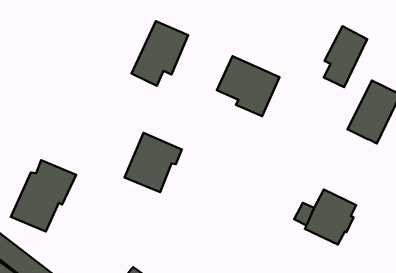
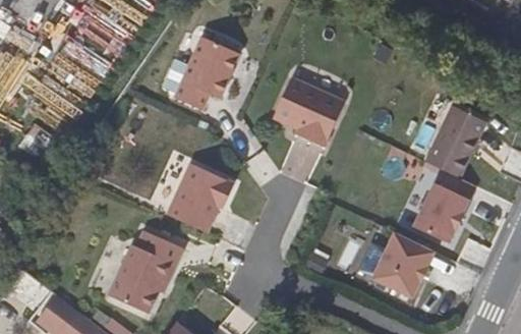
building: [324,26,367,87] -> none
building: none -> [411,173,476,243]
building: [11,160,76,232] -> [107,231,183,315]

